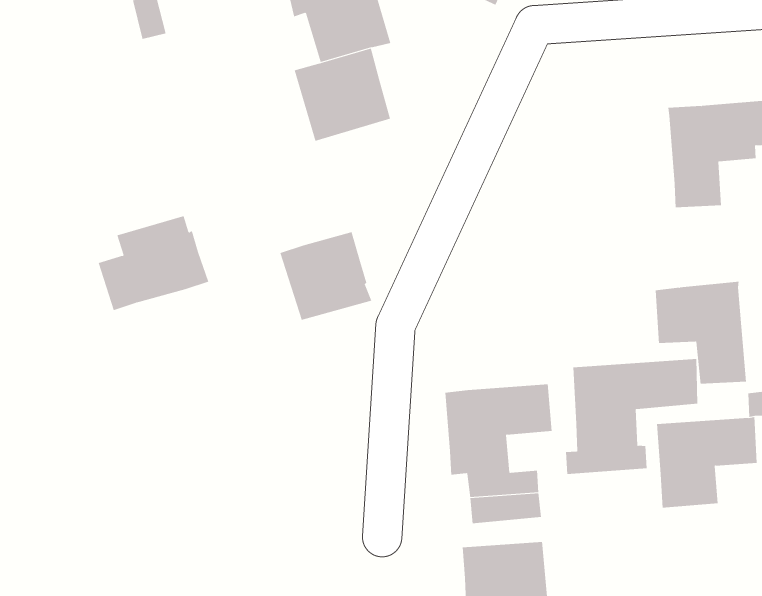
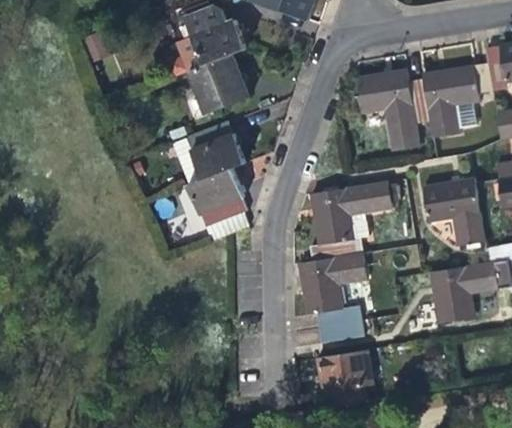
building: none -> [356,70,429,150]
building: [98,215,209,311] -> [176,122,246,185]
building: [565,358,698,474] -> [310,181,390,260]

